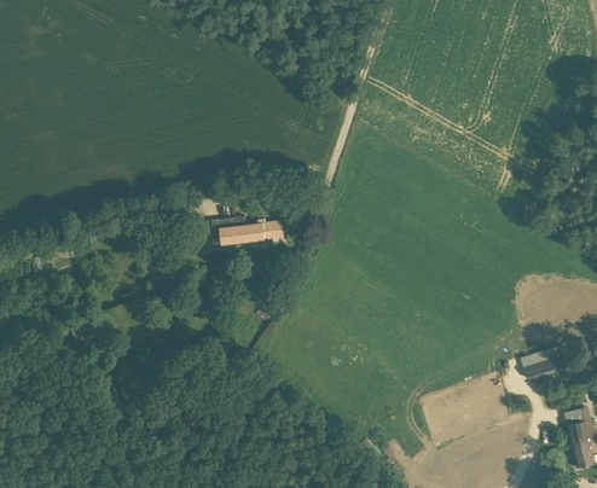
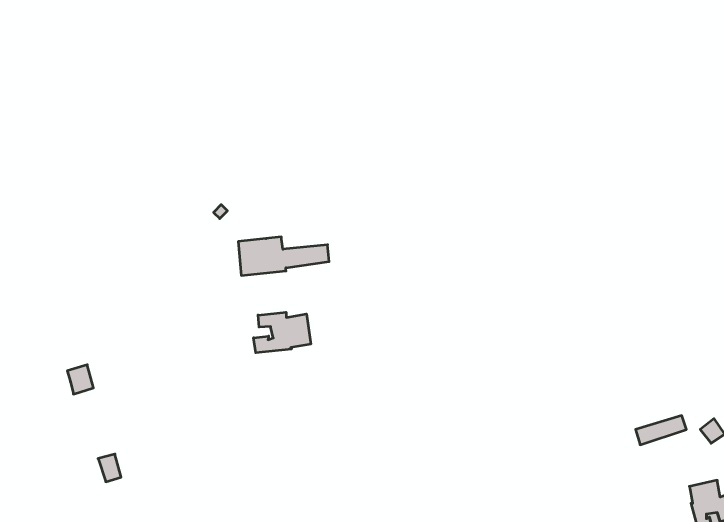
building: none -> [254,312,311,353]

